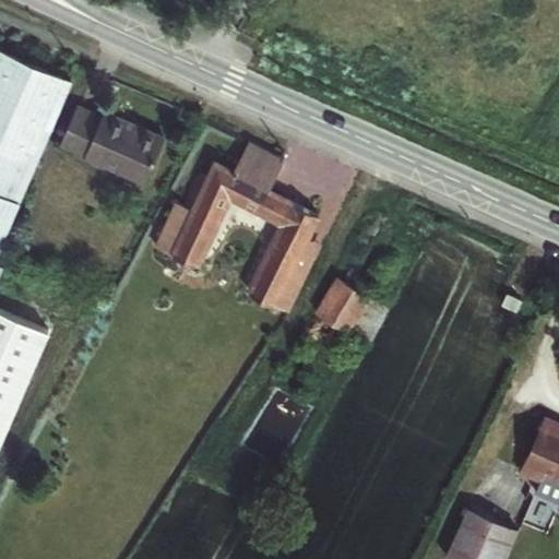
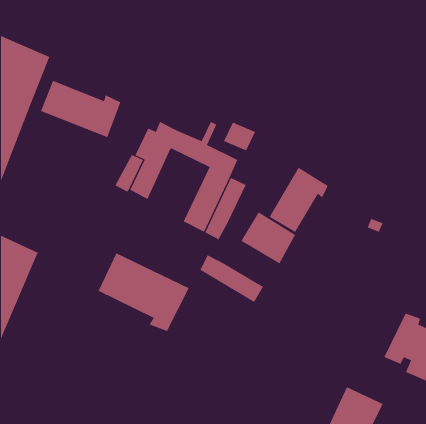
building: [234,150,276,188] -> [223,122,256,151]
building: none -> [269,167,329,233]
building: none -> [98,252,189,332]
building: none -> [199,255,264,303]

